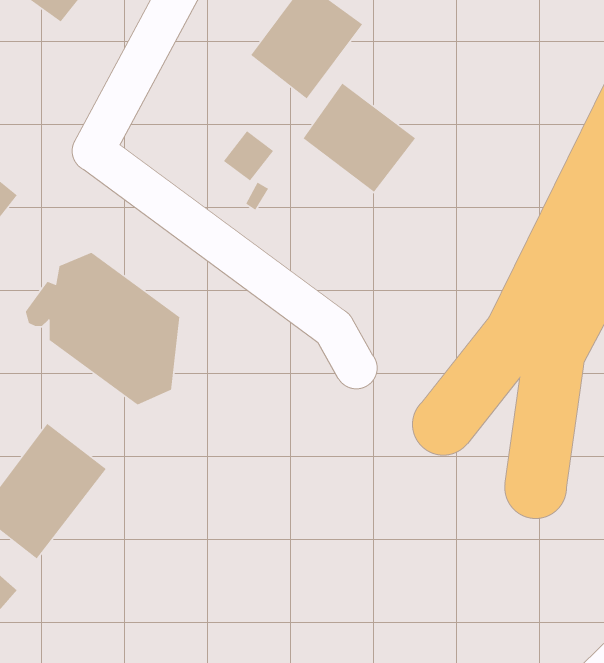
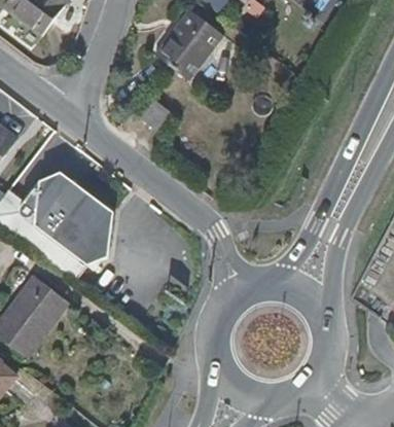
building: [302,82,416,193] -> none

